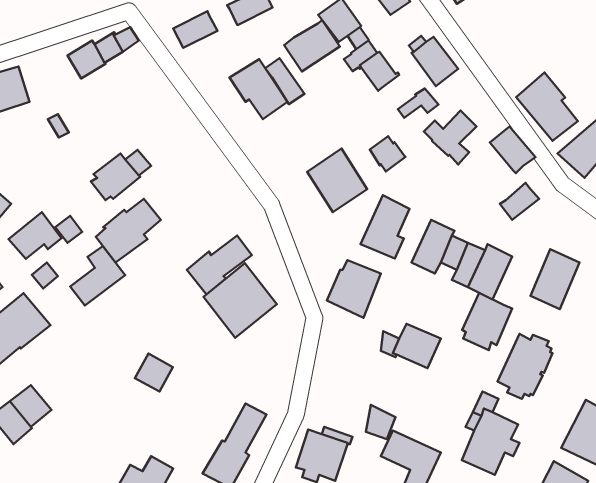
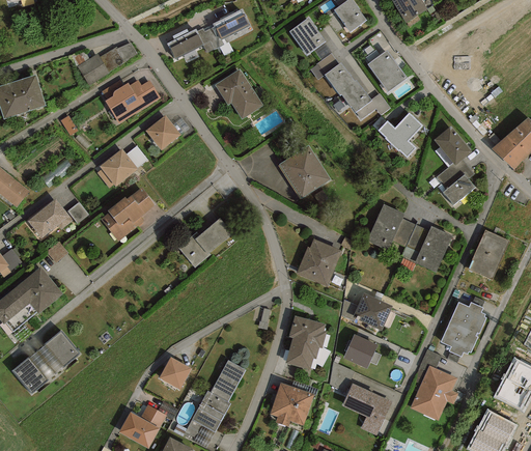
building: none -> [196,26,224,52]
building: [284,20,340,71] -> none
building: [265,58,305,104] -> none
building: none -> [102,79,160,123]
building: [516,72,578,141] -> none
building: none -> [145,115,180,149]
building: [370,136,406,172] -> [341,82,371,112]
building: none -> [436,159,474,188]
building: [360,195,410,258] -> none
building: [70,246,125,305] -> none
building: [204,263,277,338] -> none
building: [462,293,512,350] -> none
building: none -> [286,315,327,368]
building: [135,354,173,392] -> [159,357,191,389]
building: none -> [45,330,80,366]
building: none -> [342,334,376,369]

